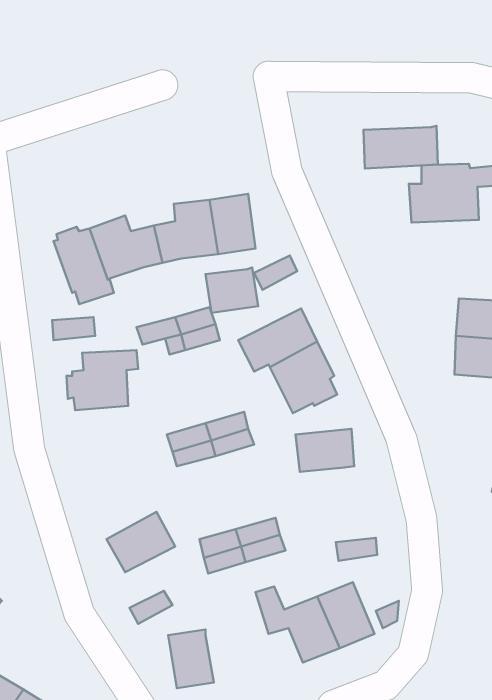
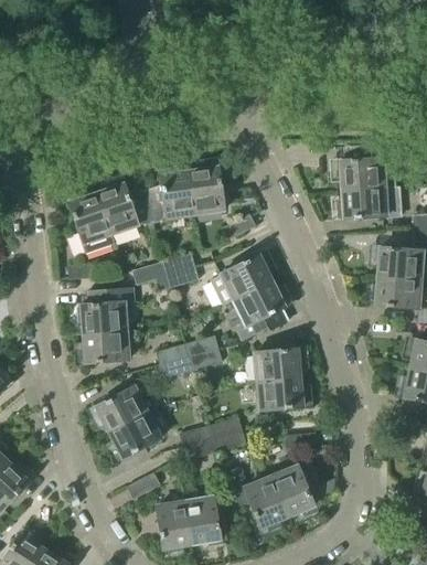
building: [363,126,438,169] -> [344,185,402,218]
building: [206,267,258,313] -> none
building: none -> [85,330,128,362]
building: none -> [258,376,303,411]
building: none -> [96,381,157,433]
building: none -> [185,497,221,543]

